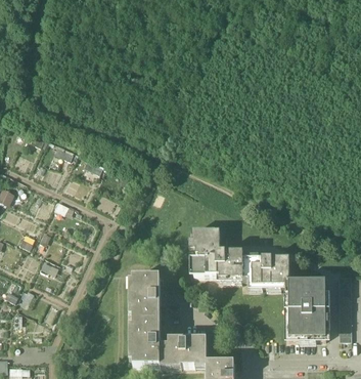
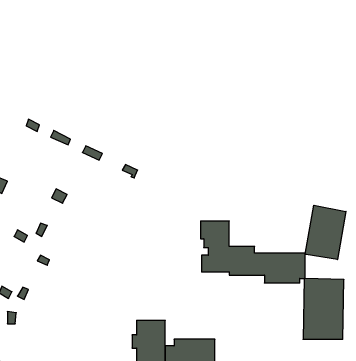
building: none -> [305,205,346,260]
building: [129,276,160,321] -> none

